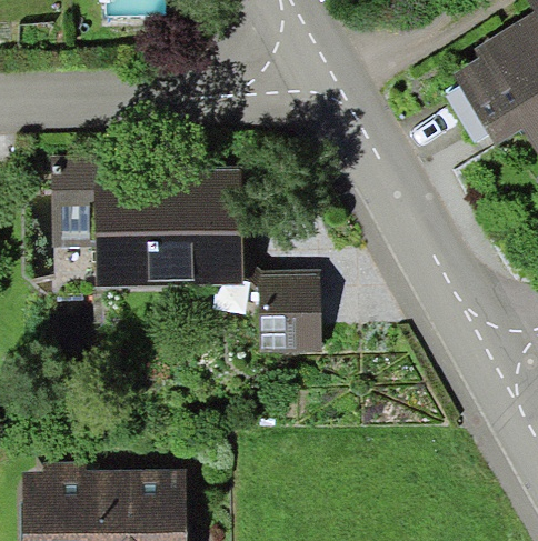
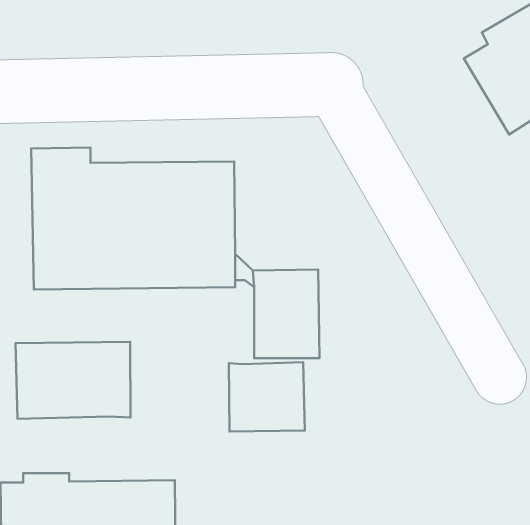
building: none -> [16,342,131,419]
building: none -> [229,362,305,432]

